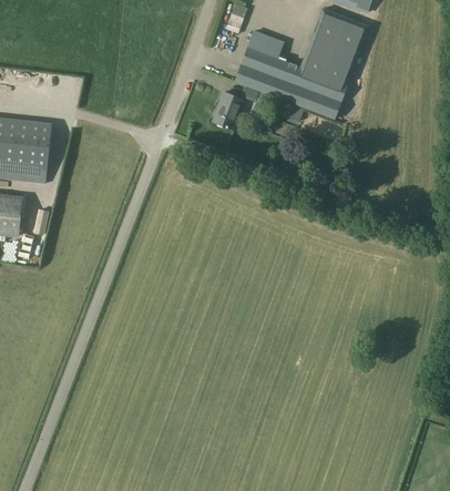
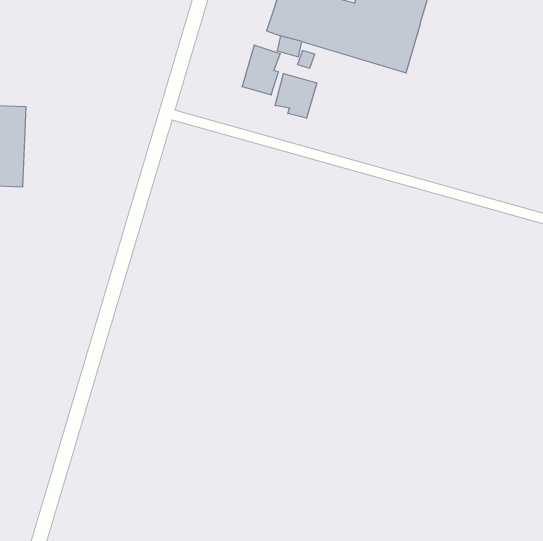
building: none -> [275,73,317,118]

